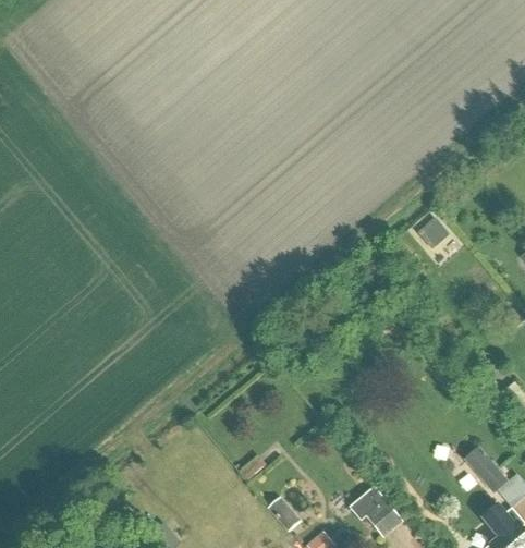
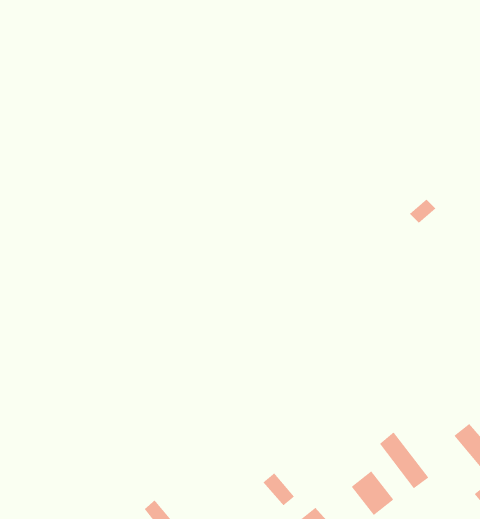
building: none -> [379,432,429,489]

